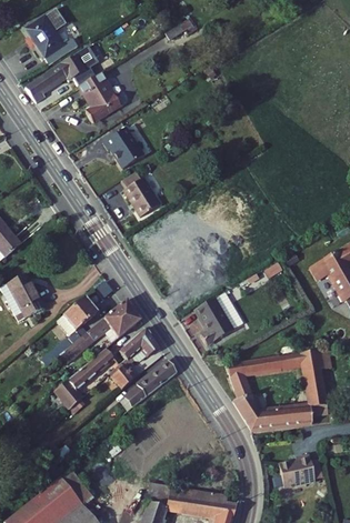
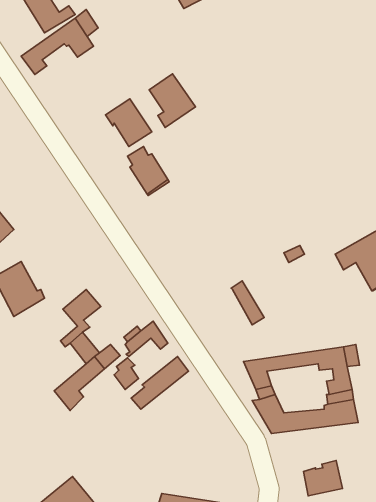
building: [76,73,118,122] -> [149,74,196,128]
building: [193,298,234,346] -> none
building: [87,300,139,339] -> none

